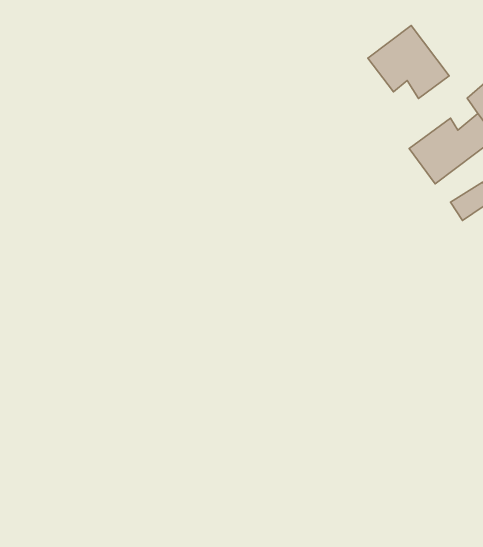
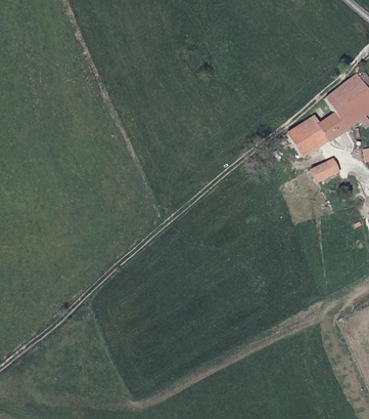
building: [368,25,449,99] -> none

